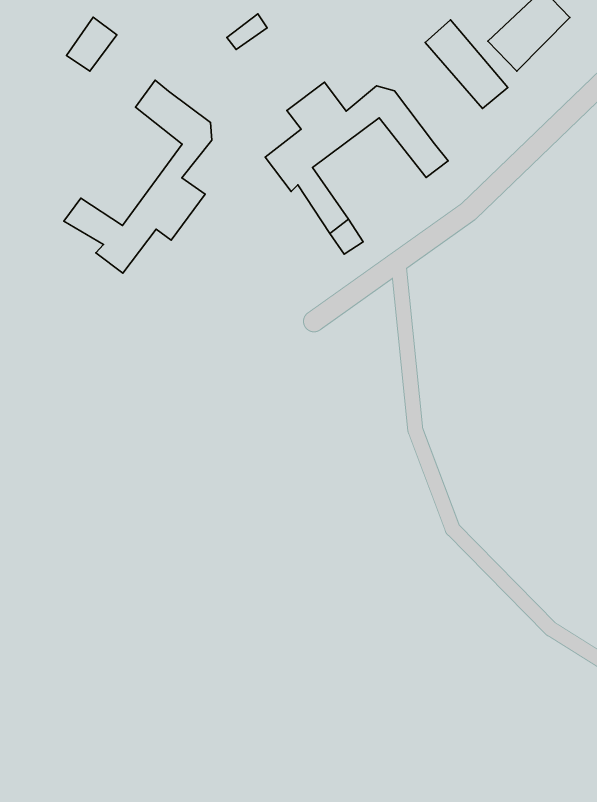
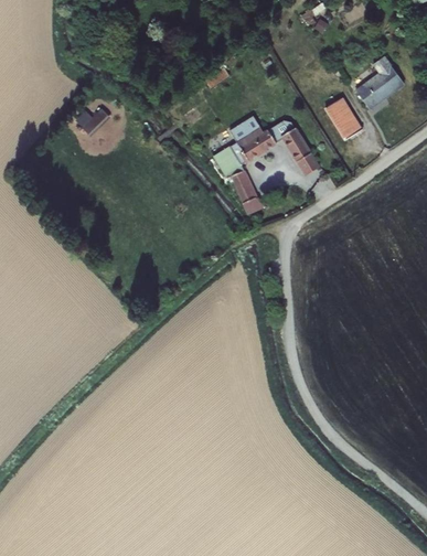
building: [66,17,117,71] -> [76,104,107,135]
building: [64,80,212,273] -> none

